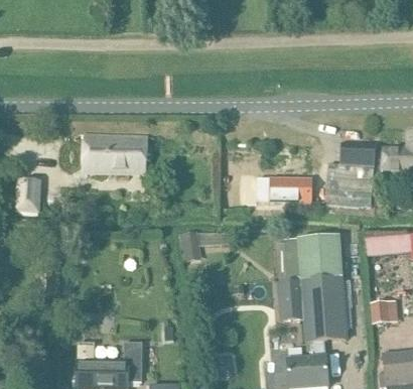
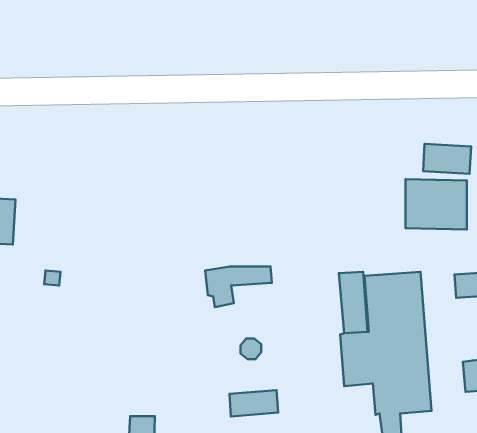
building: [84,132,148,167] -> none
building: [257,177,311,204] -> none
building: none -> [229,390,278,416]

